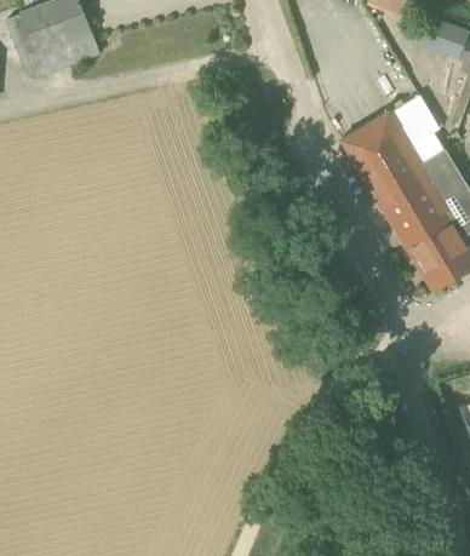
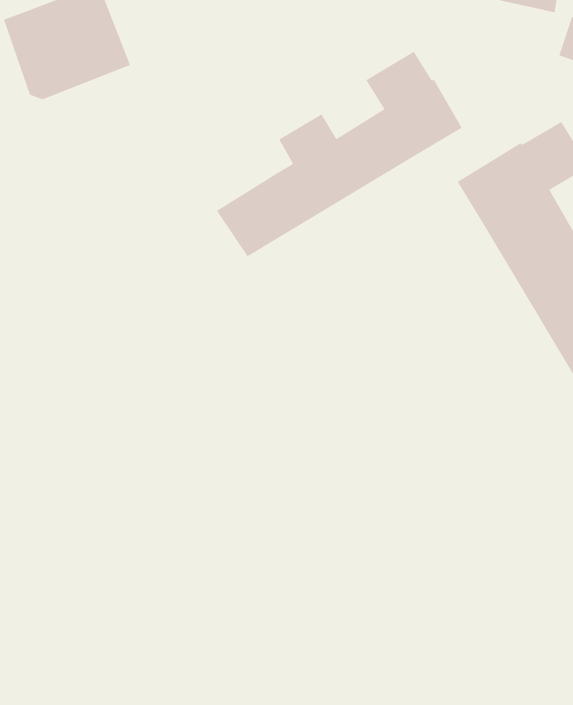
building: none -> [216,51,463,257]

